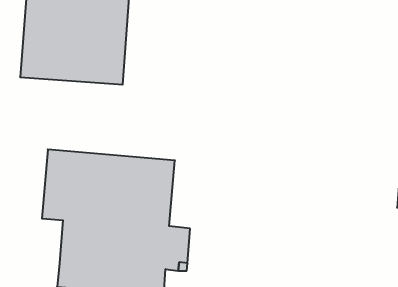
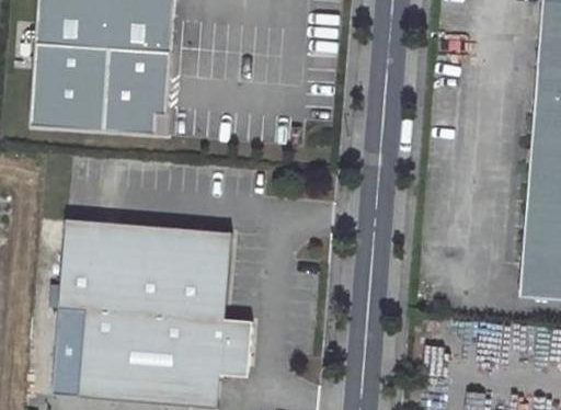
building: none -> [55,309,87,367]

